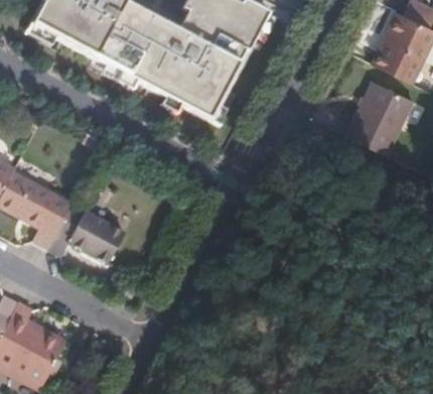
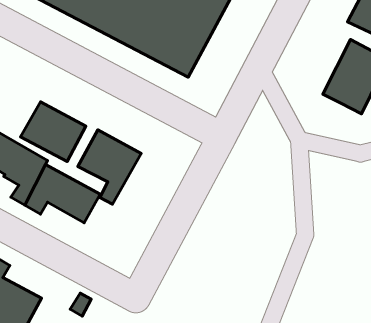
building: none -> [21,102,86,161]
building: none -> [78,130,141,204]

